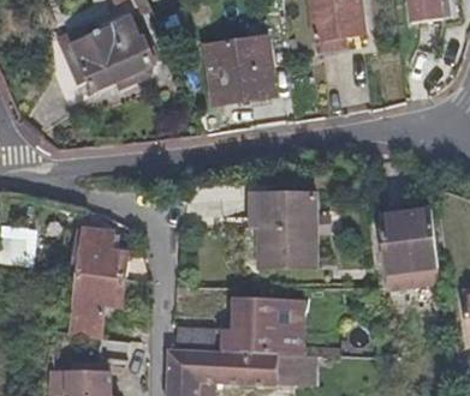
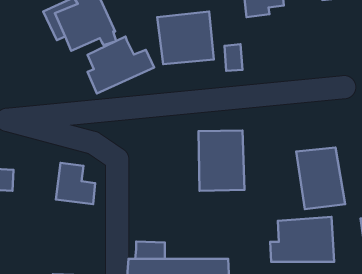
building: none -> [87,37,154,94]
building: [70,275,124,337] -> none
building: [221,293,302,349] -> [270,217,334,262]

